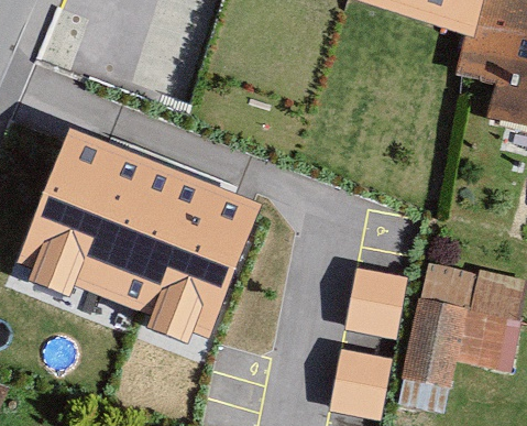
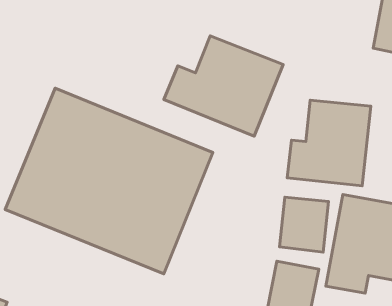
building: none -> [164,36,283,136]
building: none -> [287,100,371,186]

